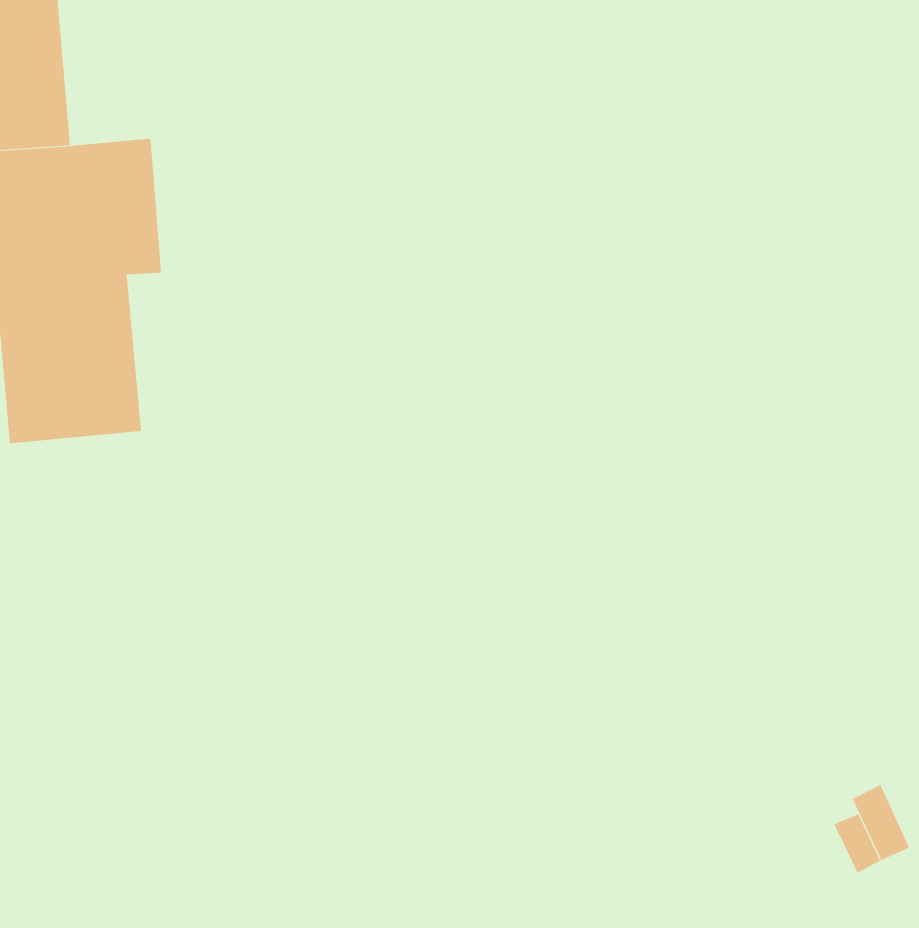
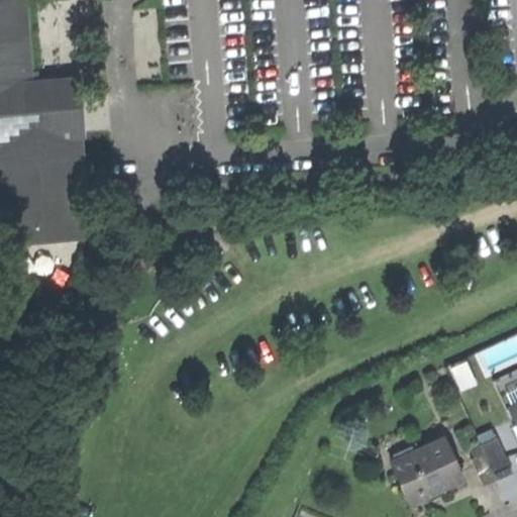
building: none -> [383,435,456,502]

